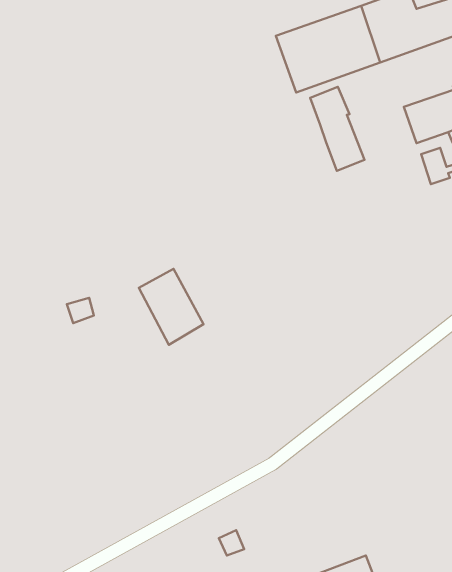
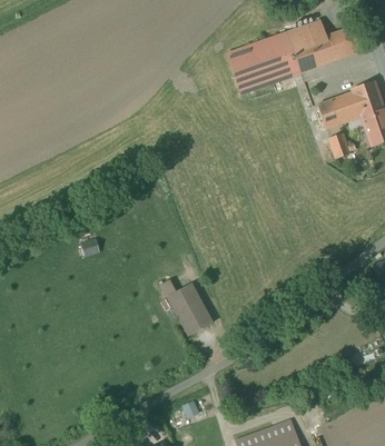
building: [310,87,364,171] -> none
building: [139,269,204,345] -> [167,283,213,336]

